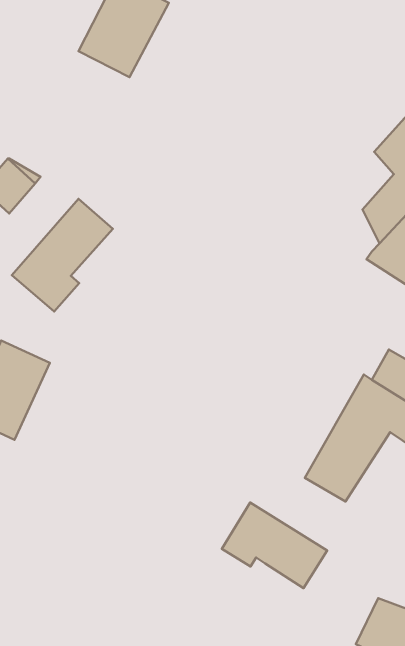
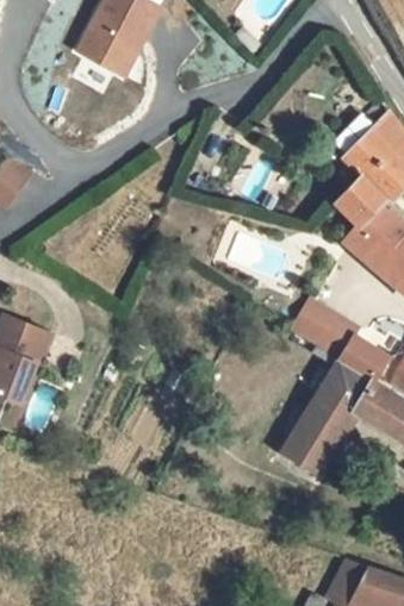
building: [12,199,113,311] -> none
building: none -> [286,287,365,358]
building: [222,503,327,588] -> none

